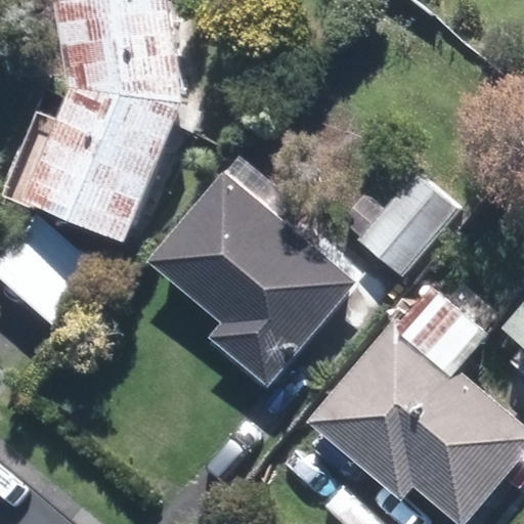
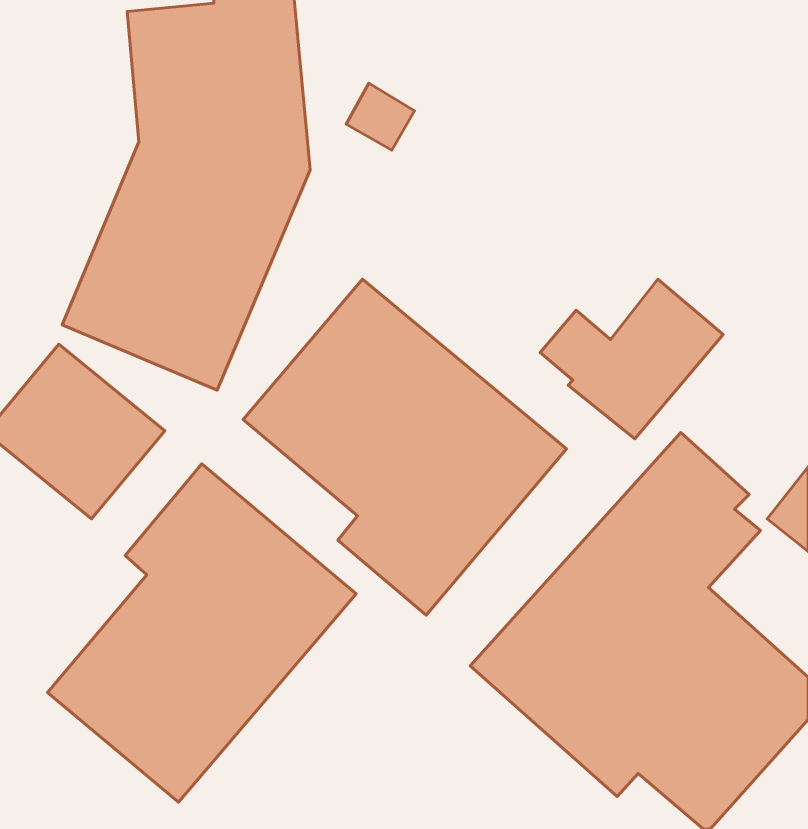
building: none -> [47,464,356,802]

